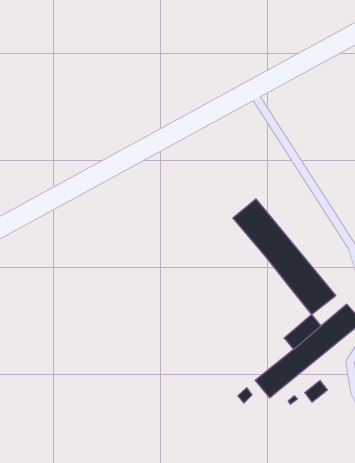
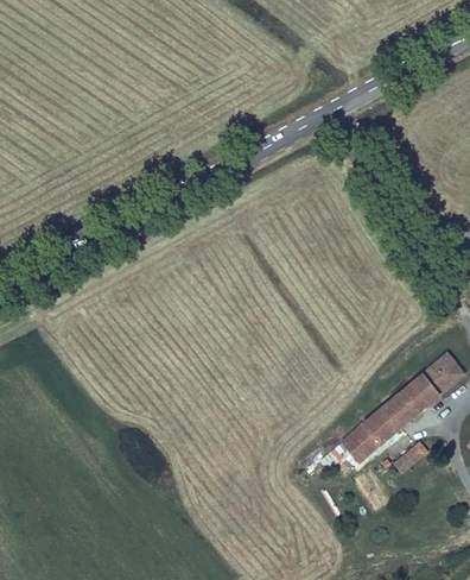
building: [233,199,336,315] -> none

